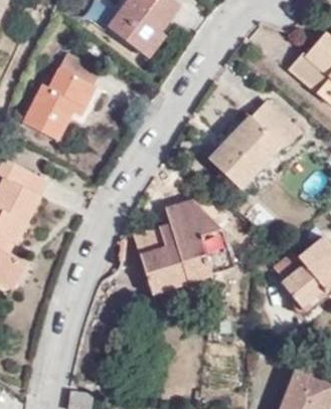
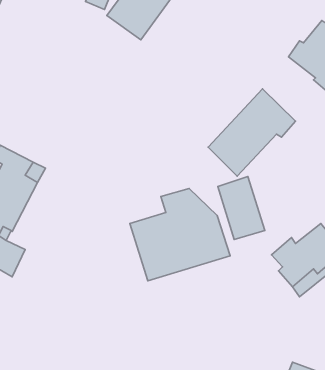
building: [24,53,101,139] -> none
building: none -> [218,177,265,239]

